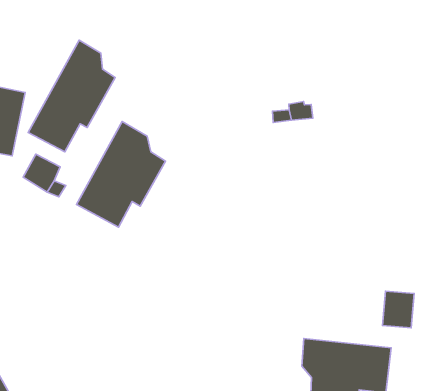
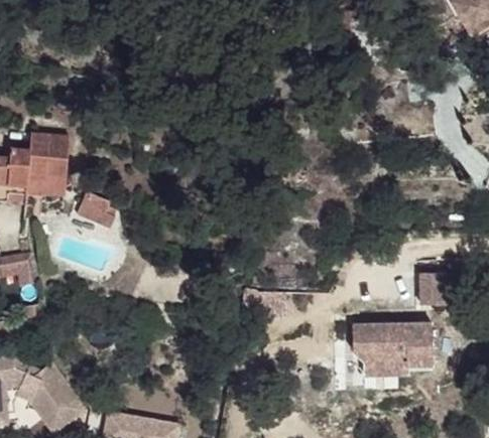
building: [28,40,115,152] -> none
building: [76,121,166,227] -> none

